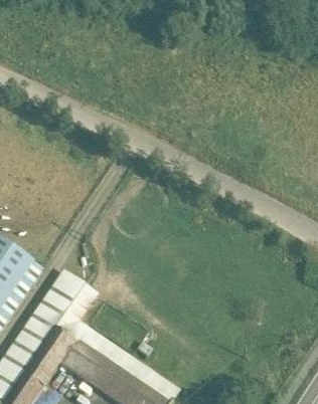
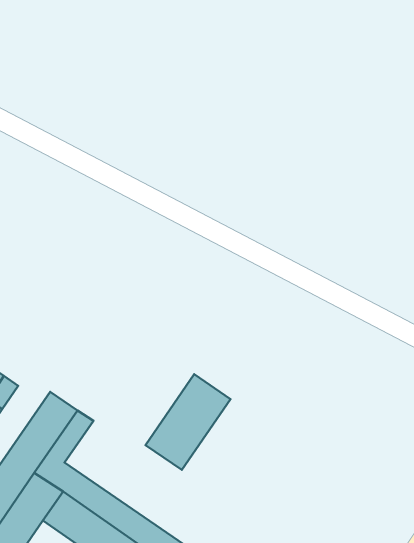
building: none -> [146,374,230,470]

